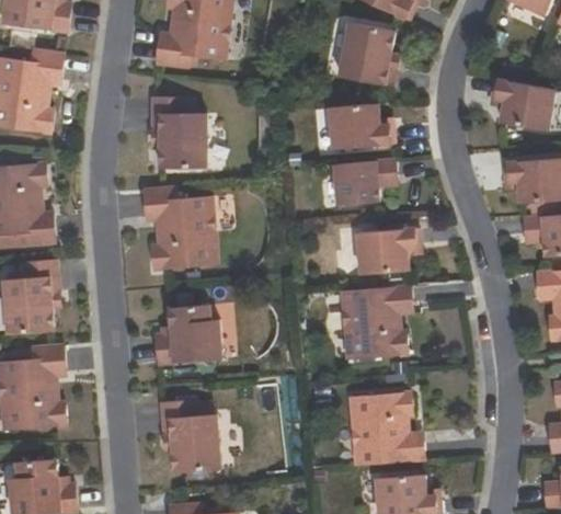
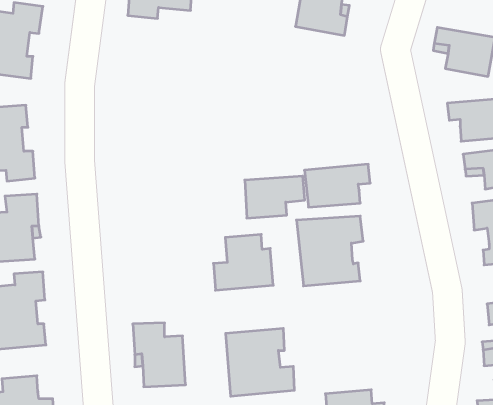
building: [153,96,207,168] -> none
building: [330,102,400,149] -> none
building: [333,159,399,205] -> [245,176,305,218]
building: [146,187,217,269] -> none
building: [157,305,222,366] -> [213,234,273,290]
building: [347,390,423,465] -> [226,328,294,396]

